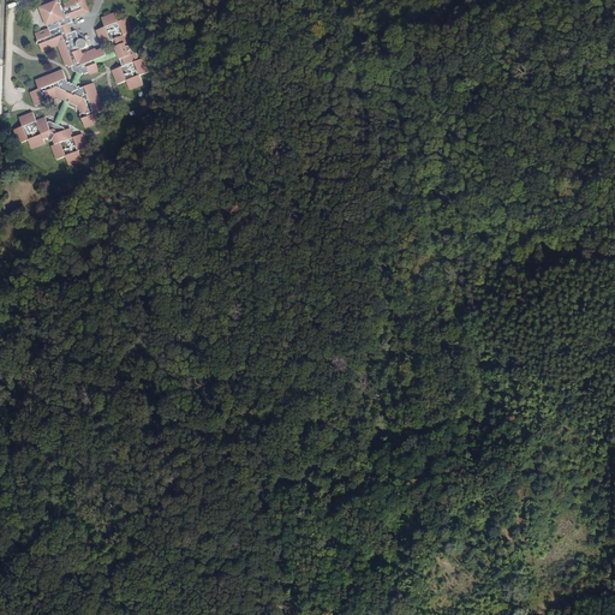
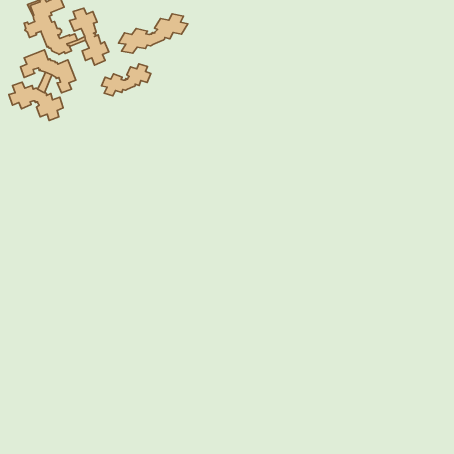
building: none -> [118,14,188,53]
building: none -> [102,64,151,96]

